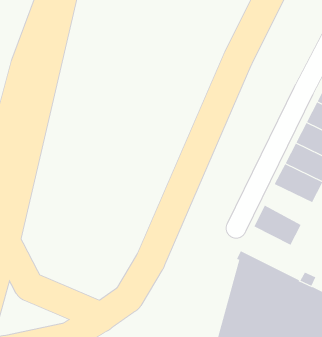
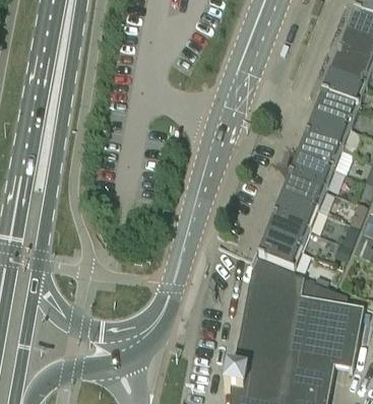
building: none -> [273,195,318,230]
building: none -> [257,237,302,271]

